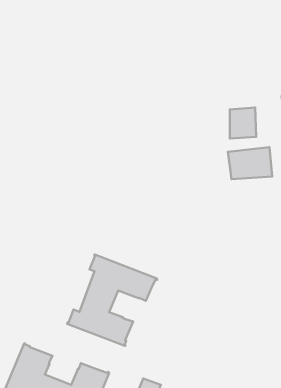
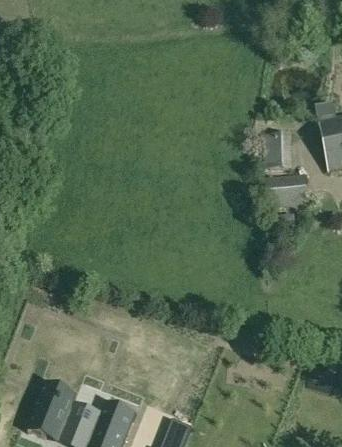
building: [67,254,157,346] -> none

